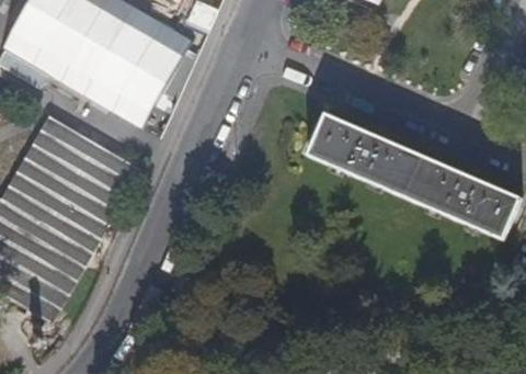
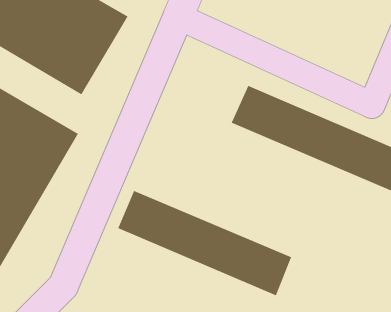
building: none -> [118,190,292,296]

